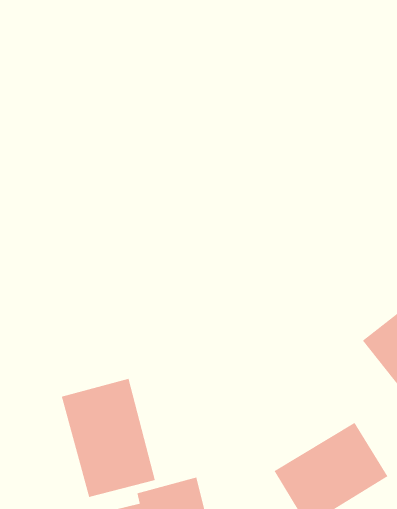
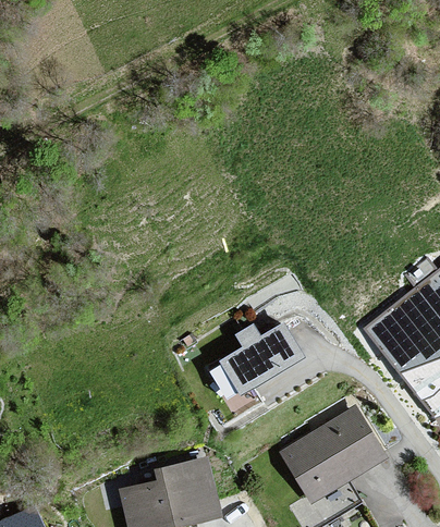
building: none -> [218,321,306,397]
building: [61,378,156,498] -> none

